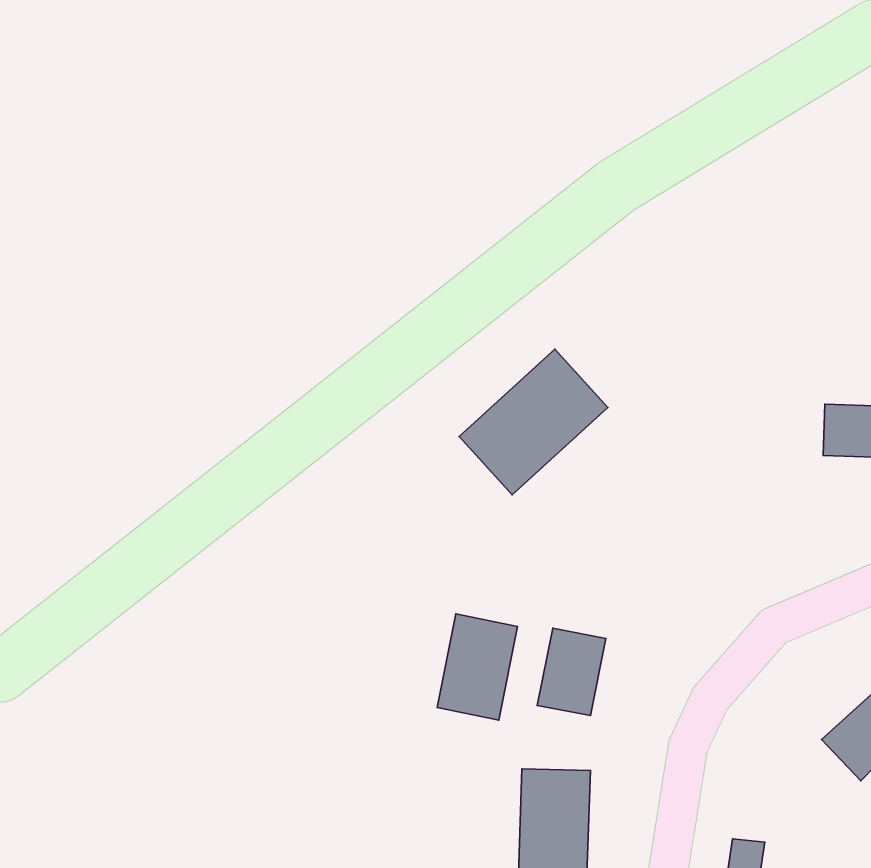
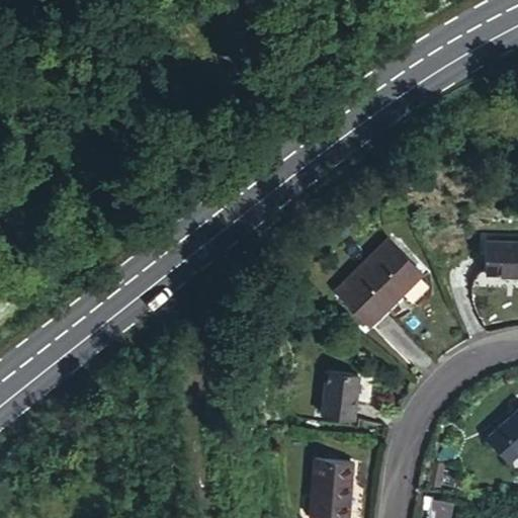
building: [459,349,608,495] -> [340,238,428,324]
building: [437,614,517,720] -> none

